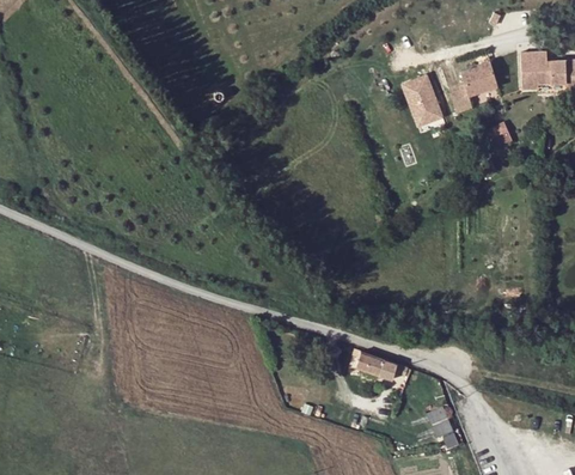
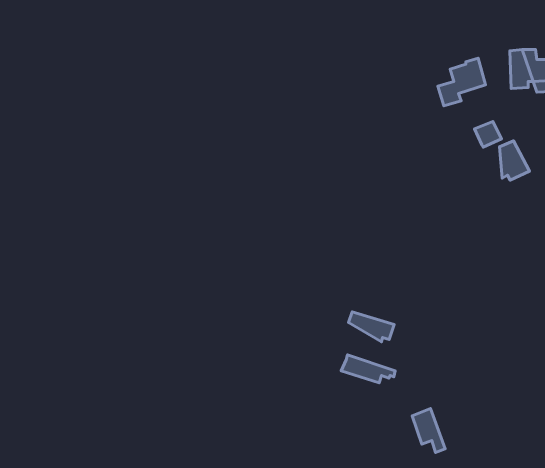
building: [402,74,442,126] -> none
building: none -> [499,141,529,180]
building: none -> [348,312,394,342]

